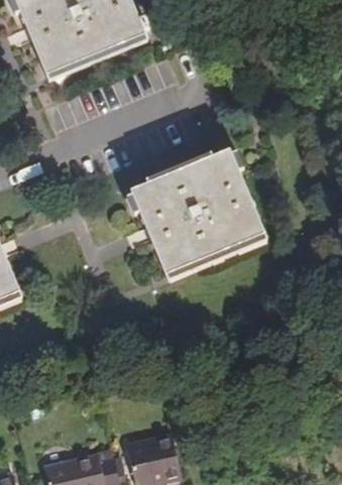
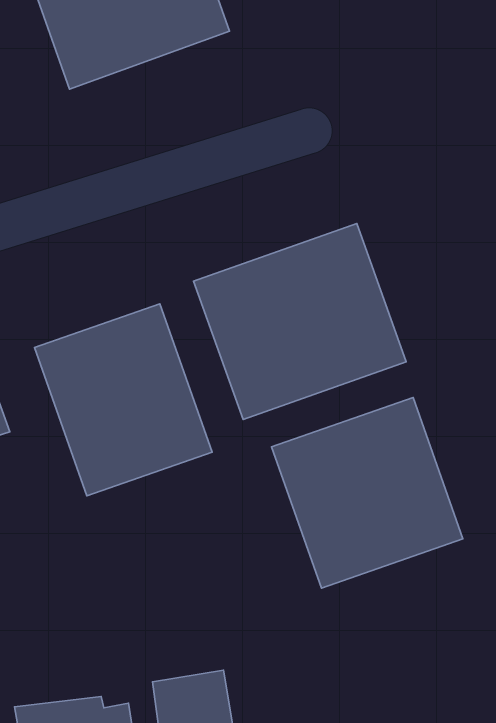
building: none -> [35,304,212,496]
building: none -> [272,397,463,588]

